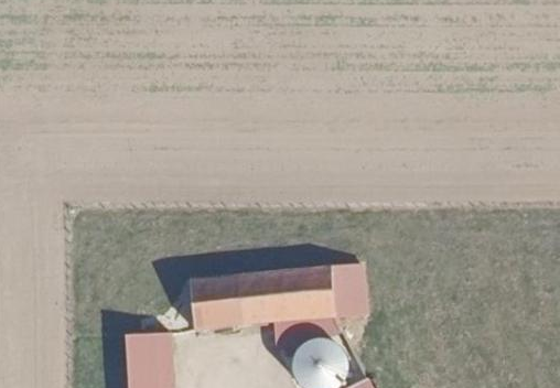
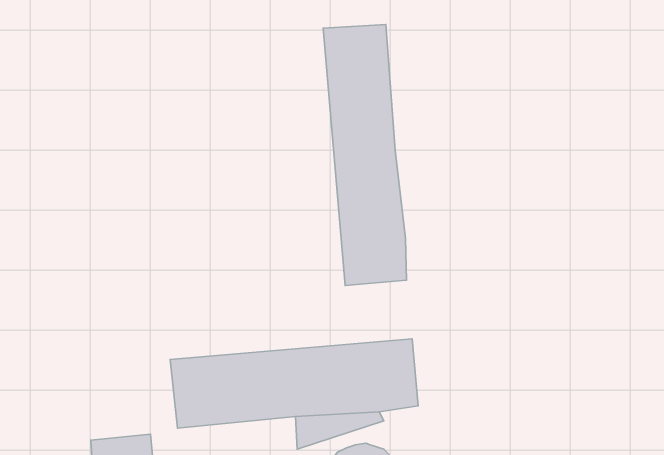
building: none -> [323,24,407,285]

